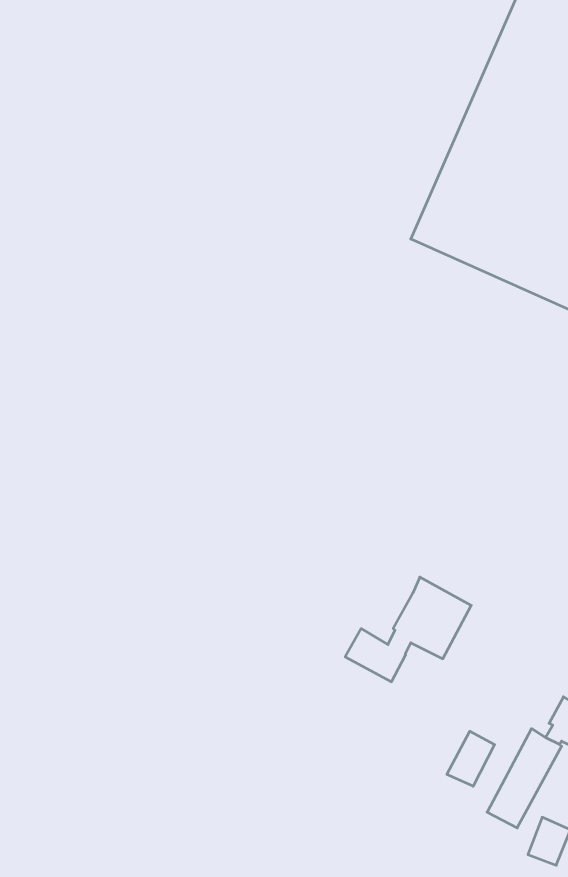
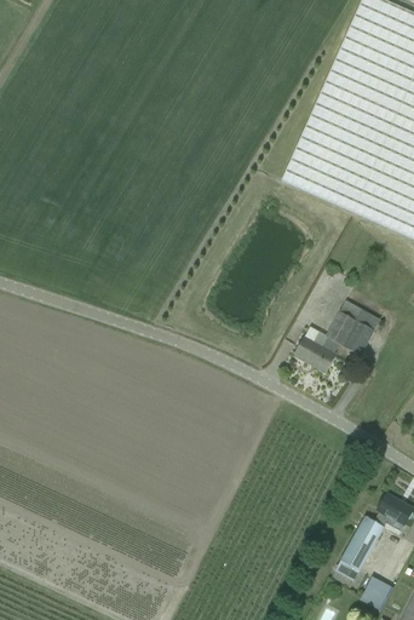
building: [345,577,471,682] -> [294,300,380,372]
building: [447,731,495,786] -> none

